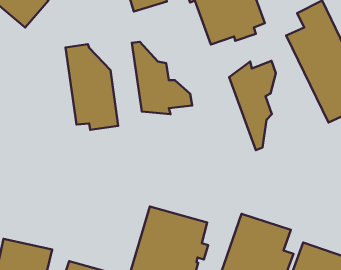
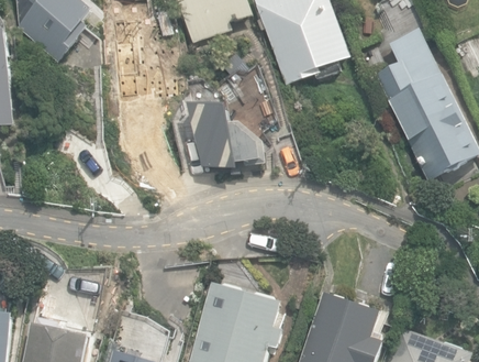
building: [66,44,118,130] -> none
building: [229,61,276,150] -> none

